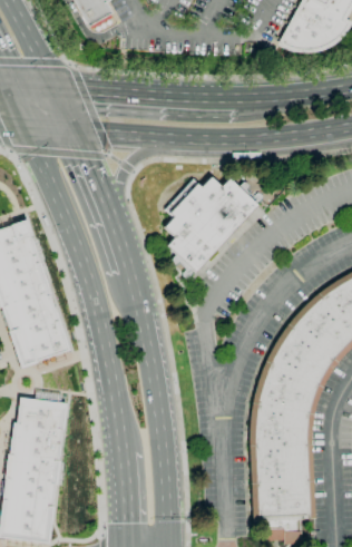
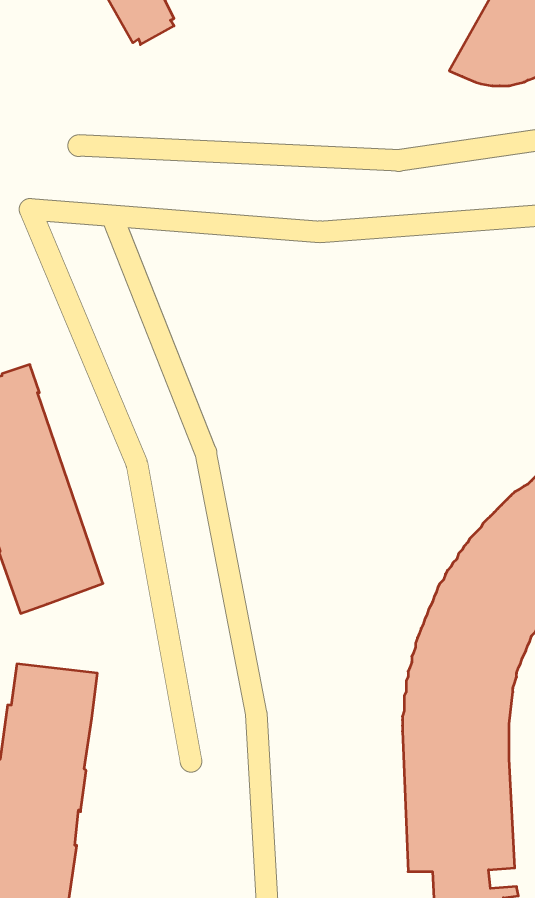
building: [165,176,258,279] -> none

